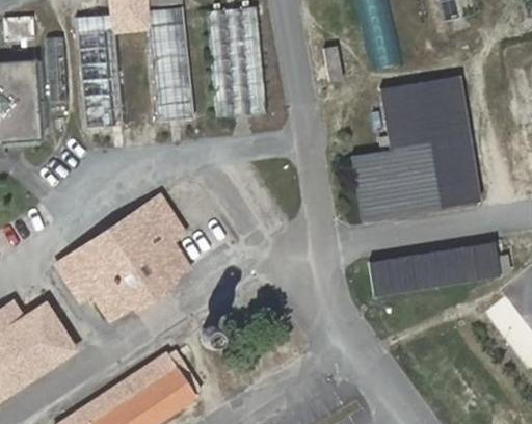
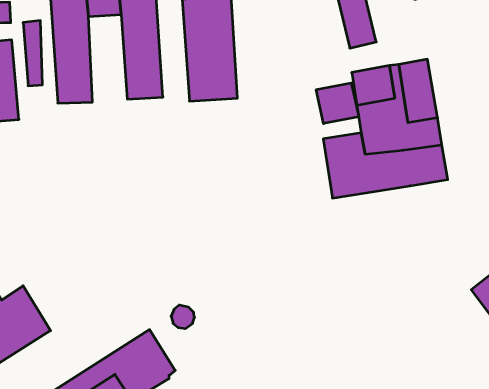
building: none -> [316,83,359,124]
building: [54,196,188,321] -> none
building: [370,240,501,294] -> none

